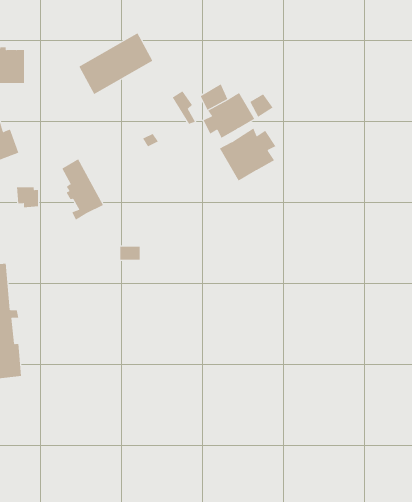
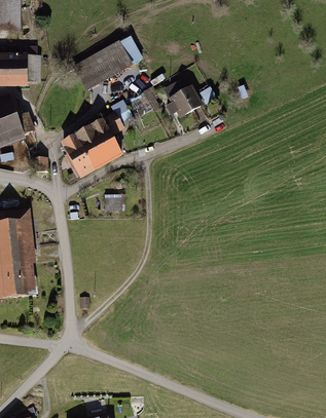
building: [219,128,276,181] -> none
building: none -> [76,114,121,168]

